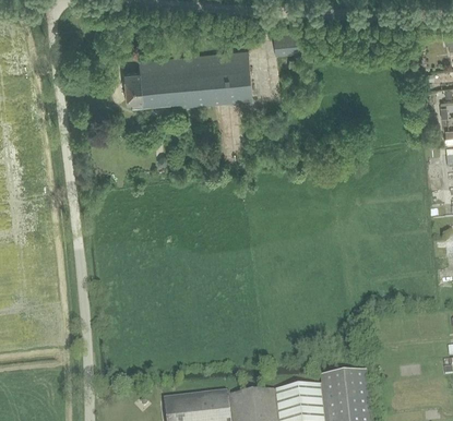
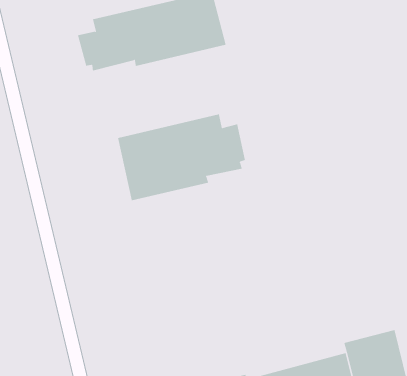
building: none -> [117,113,245,201]

